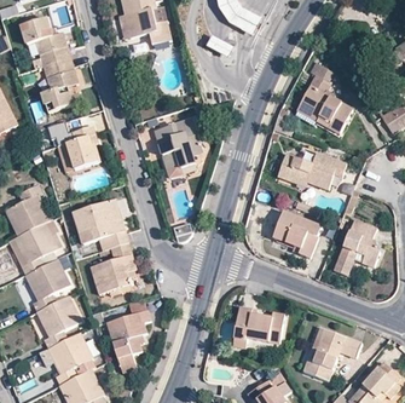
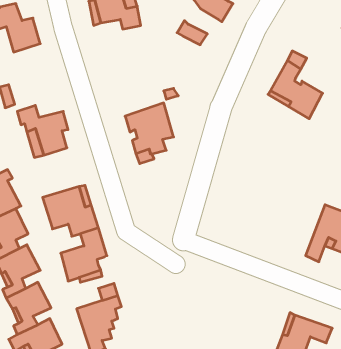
building: [41,57,76,110] -> none
building: [277,151,346,188] -> none
building: [272,211,320,255] -> none
building: [232,306,283,347] -> none

